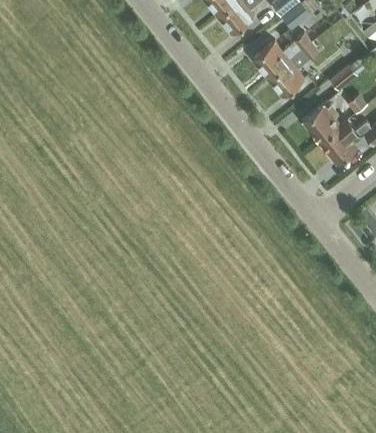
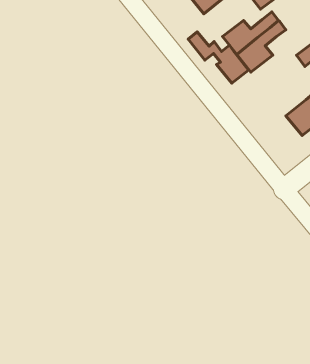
building: none -> [188,32,249,83]
building: [302,104,340,143] -> none

